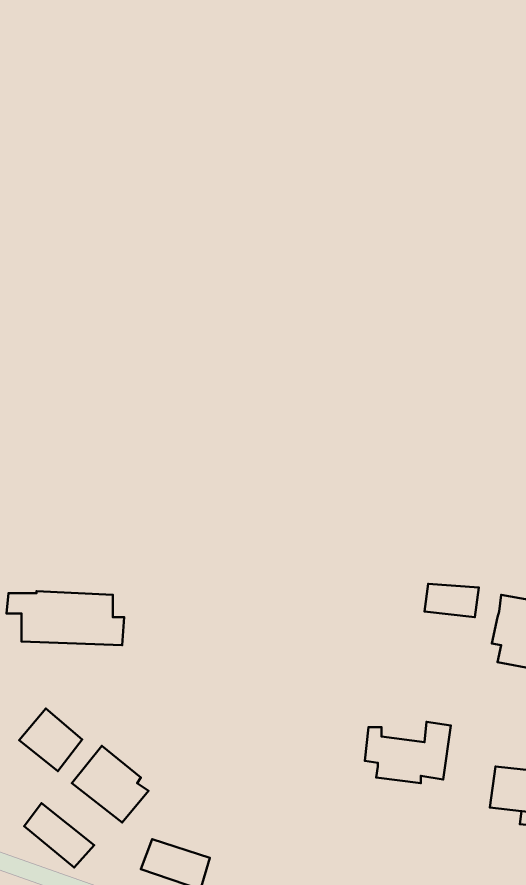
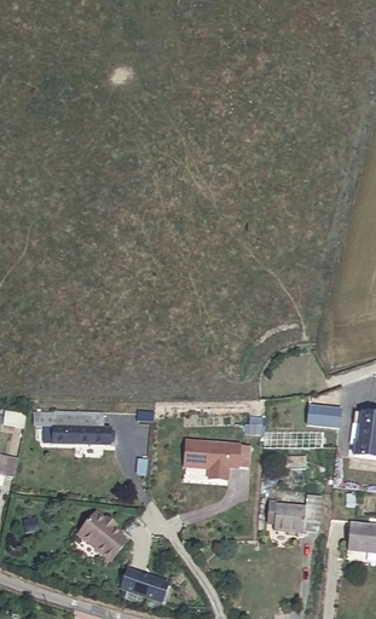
building: none -> [184,438,239,478]
building: [19,709,82,771] -> none
building: [24,803,94,868] -> none

